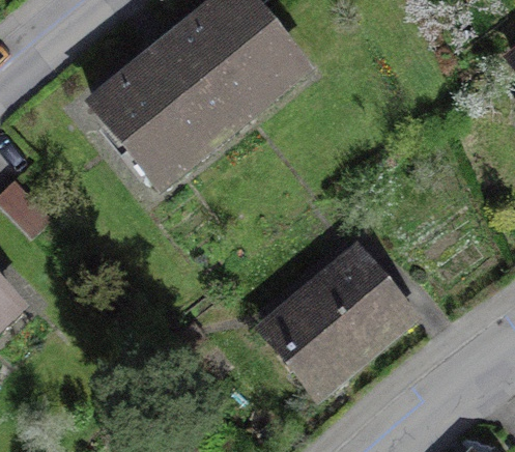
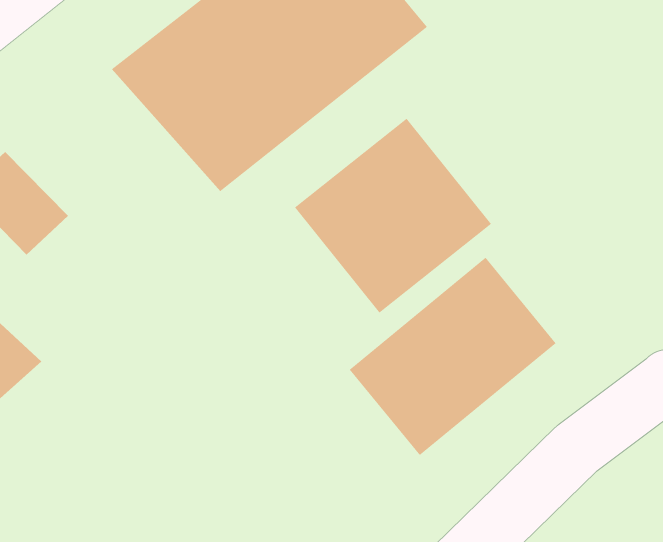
building: none -> [294,118,492,314]

